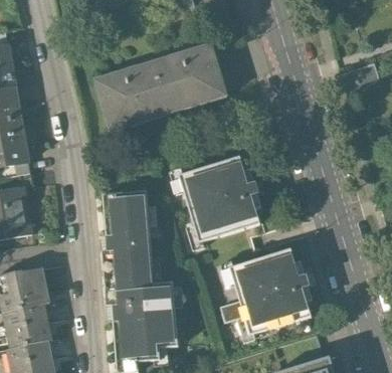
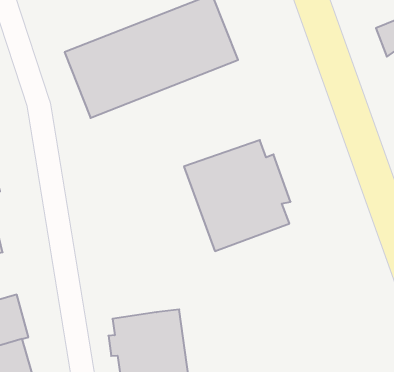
building: [106,195,152,291] -> none
building: [229,248,313,334] -> none

